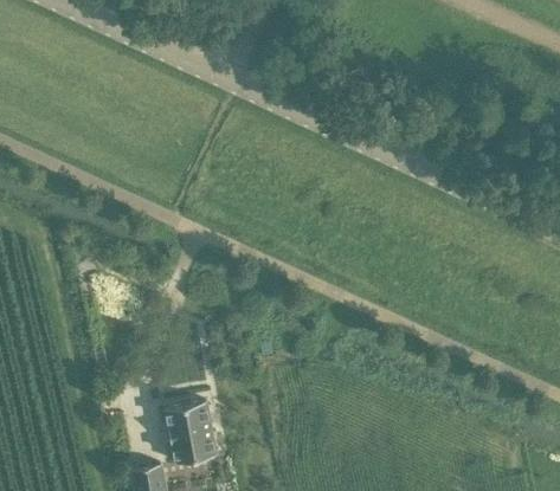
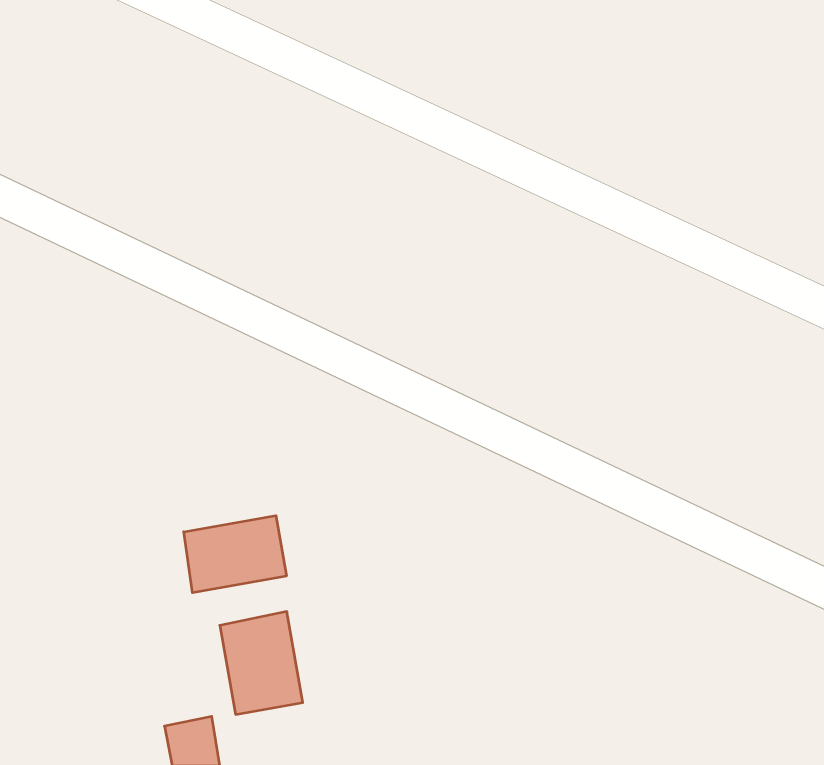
building: none -> [184,516,286,593]

